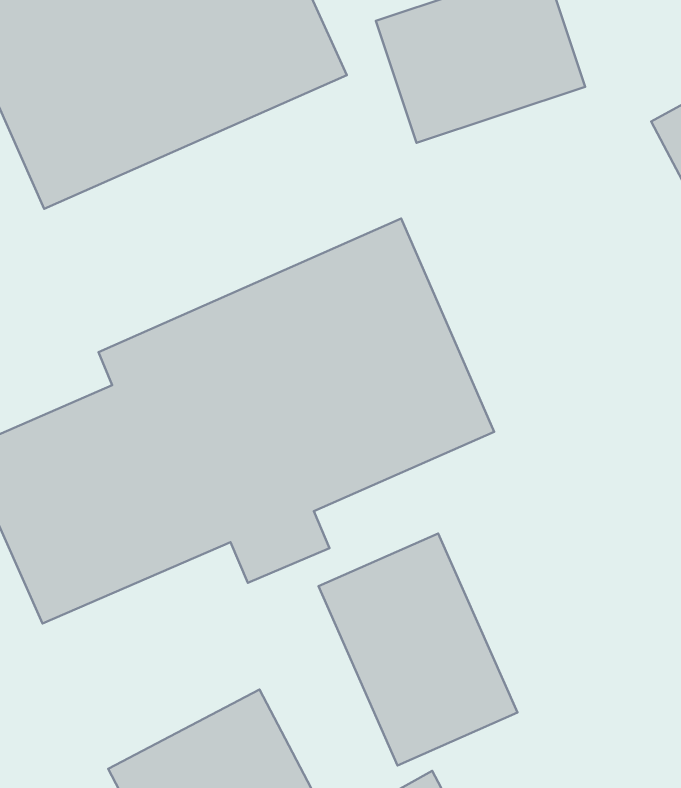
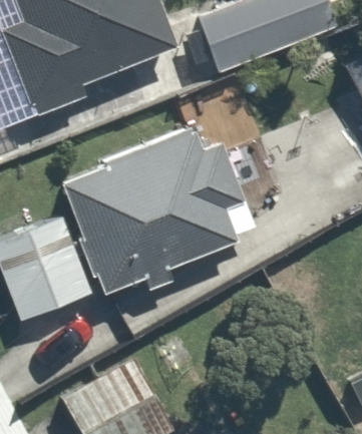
building: [318,533,517,765] -> none

